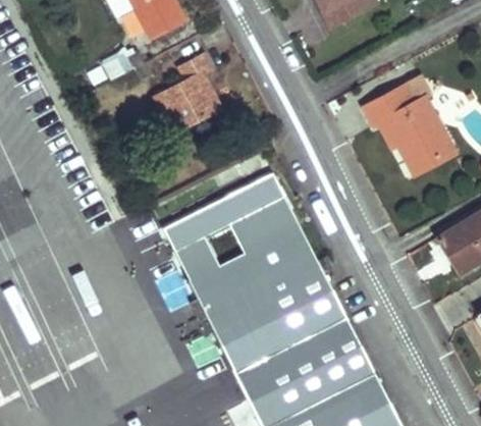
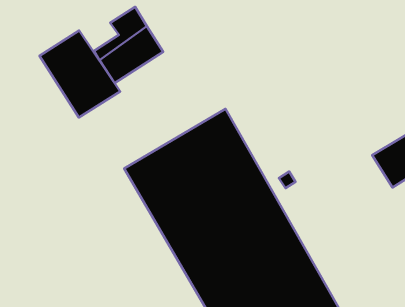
building: none -> [39,30,120,117]
building: [356,79,446,169] -> none

